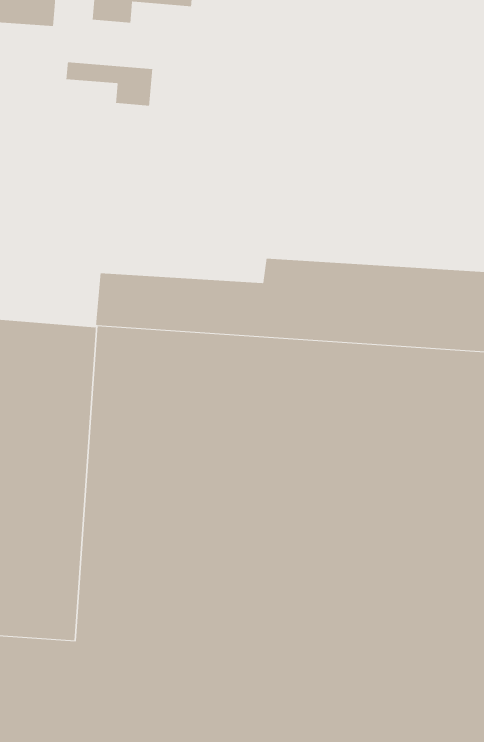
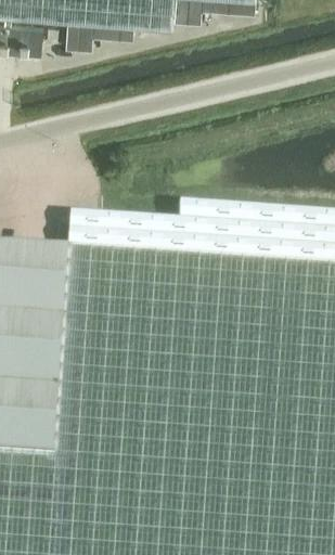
building: [66,62,153,106] -> none

